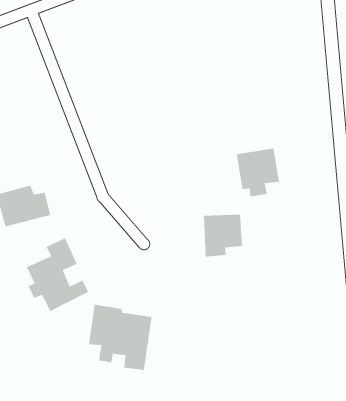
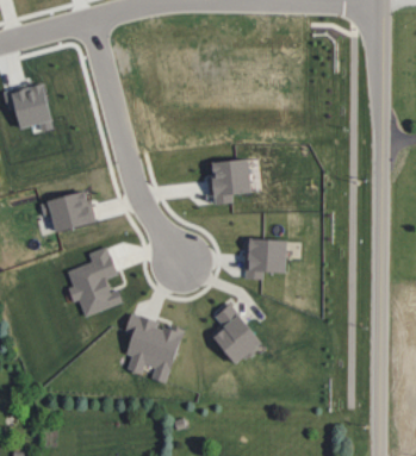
building: [236,148,280,198] -> [206,158,247,205]
building: none -> [210,304,257,364]

